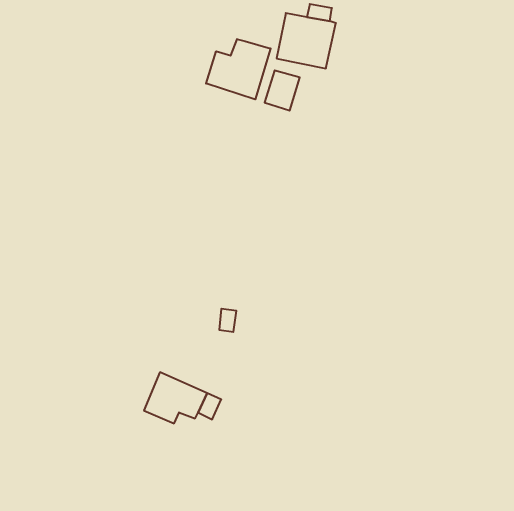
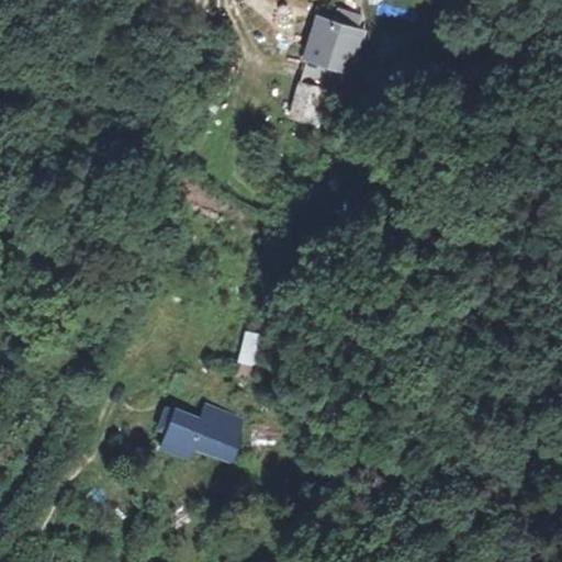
building: [206,39,271,99] -> none

